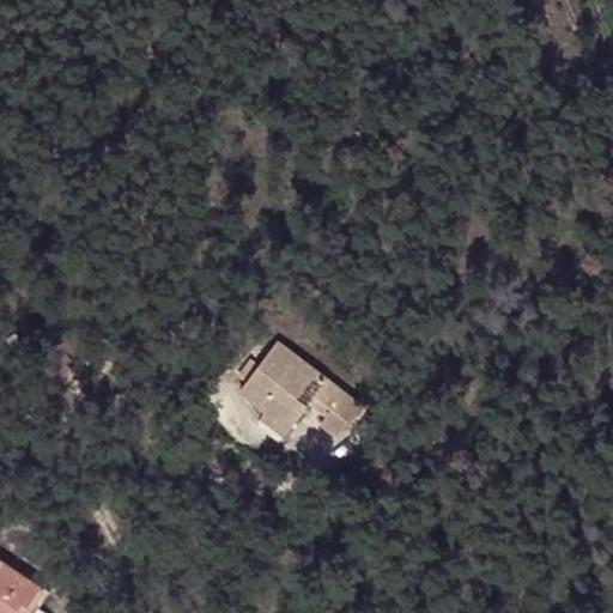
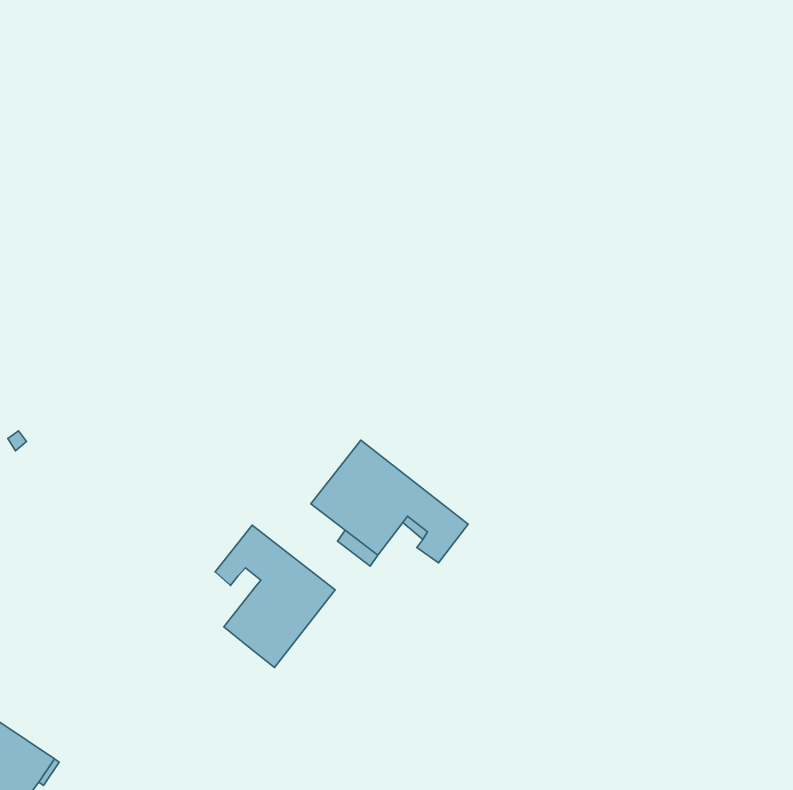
building: none -> [215,525,335,668]

